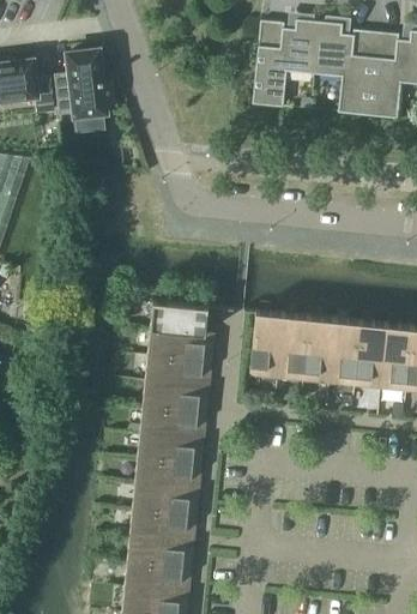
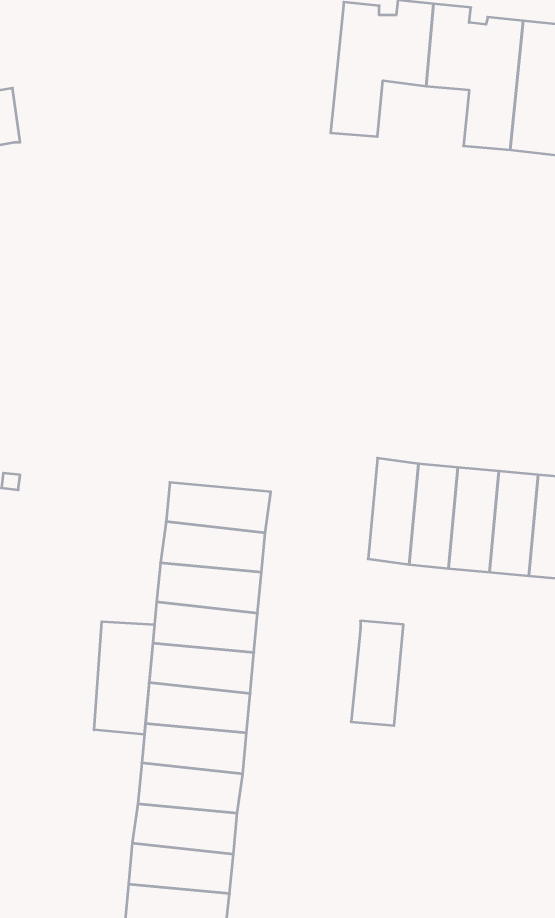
building: [55,50,113,116] -> none
building: [150,301,214,335] -> none
building: [249,311,283,378] -> [351,621,403,726]
building: none -> [94,622,155,735]

